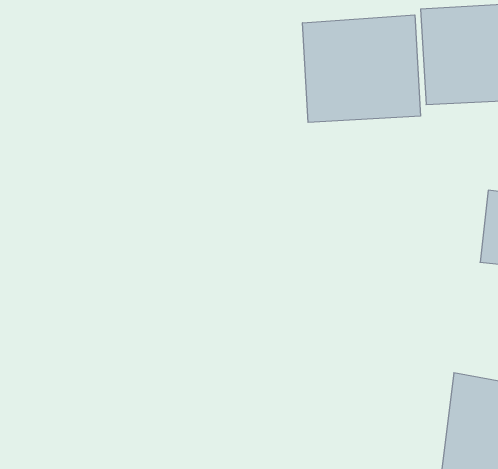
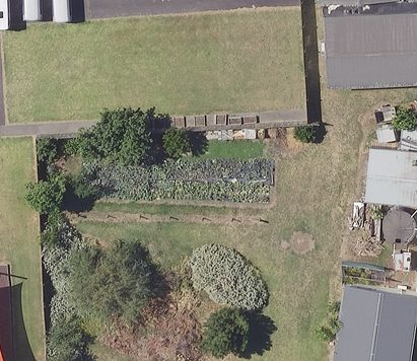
building: [303,15,420,122] -> none

